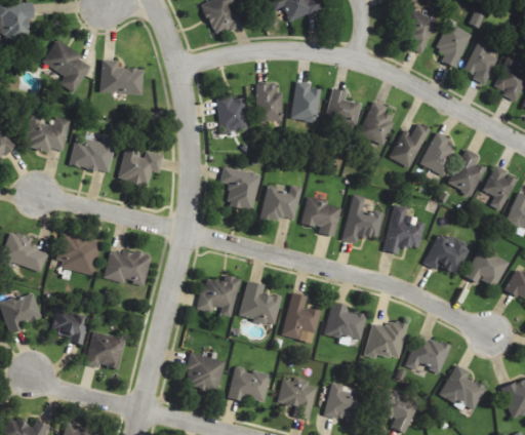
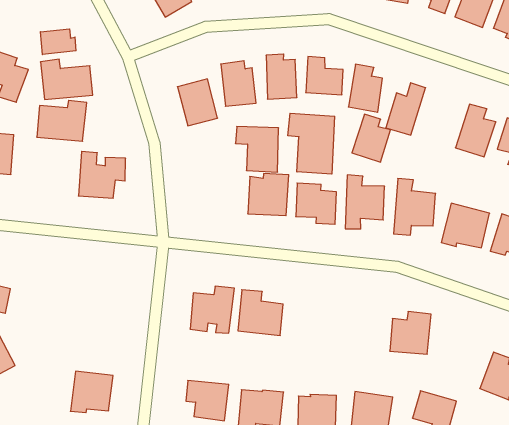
building: none -> [40,29,76,55]
building: [420,132,456,175] -> [352,114,390,162]
building: none -> [288,113,335,174]
building: [69,136,116,173] -> [37,100,87,141]
building: [219,167,258,211] -> [235,127,279,172]
building: [55,233,100,276] -> none
building: [103,248,150,285] -> none
building: [281,292,319,340] -> none
building: [324,302,366,346] -> none
building: [51,310,86,345] -> none
building: [406,334,449,373] -> none

